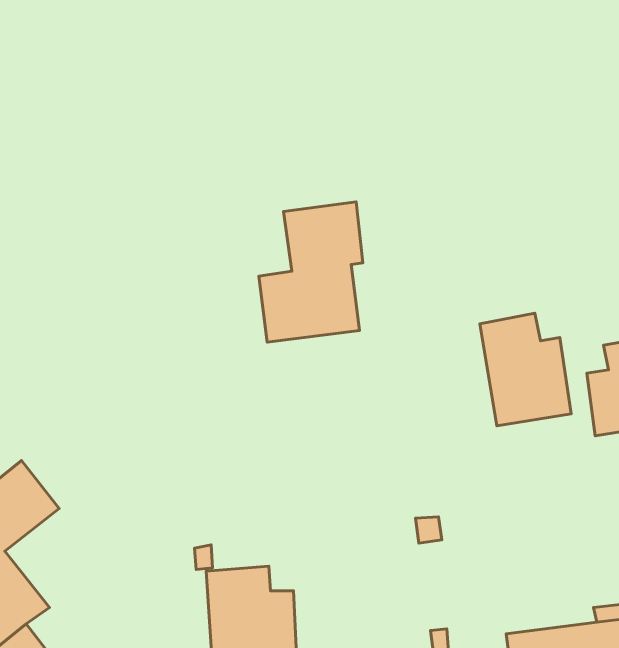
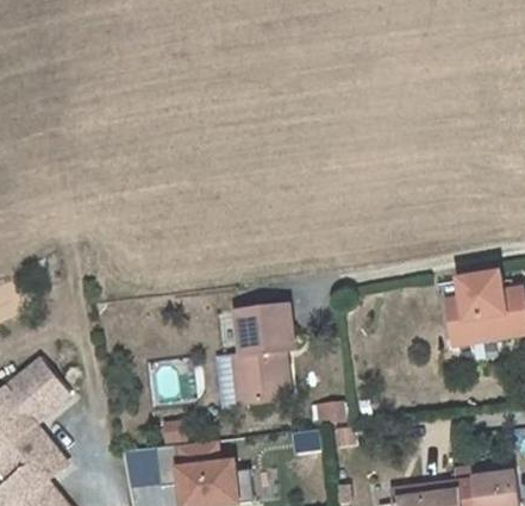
building: [259,202,363,342] -> [219,304,294,405]
building: [480,313,571,426] -> none

